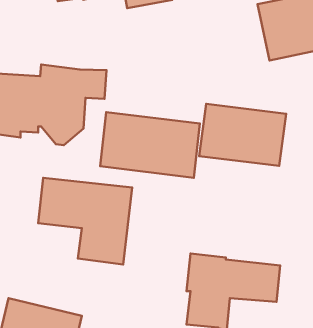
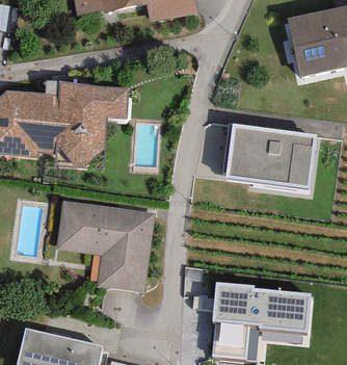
building: [100,112,200,178] -> none

